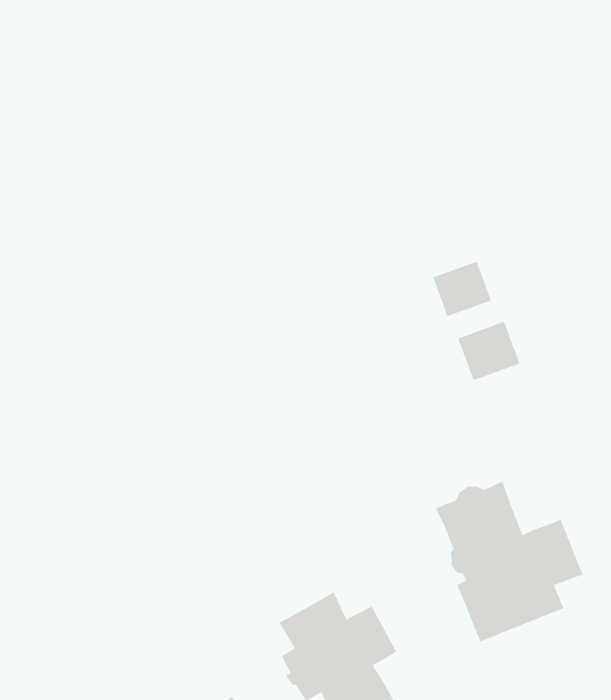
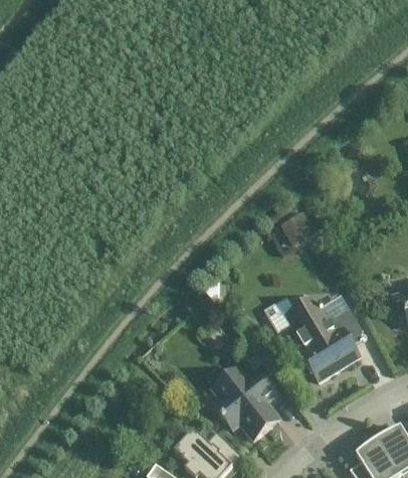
building: [432,261,492,317] -> none

